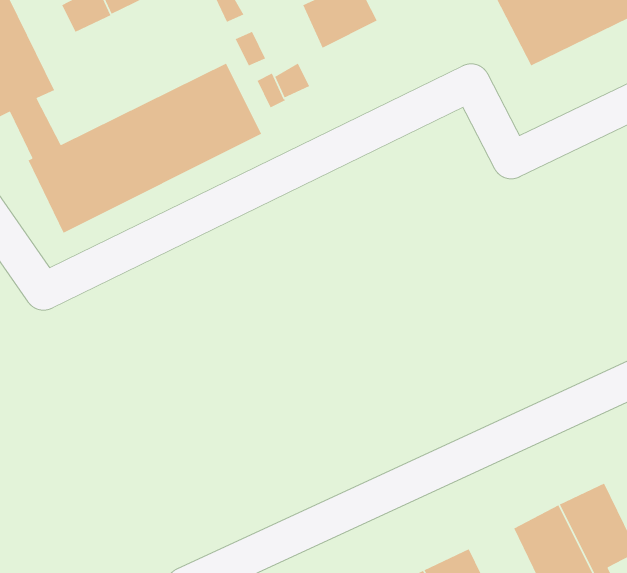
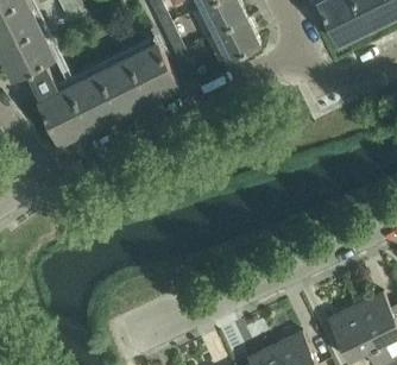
building: none -> [213,15,259,59]

